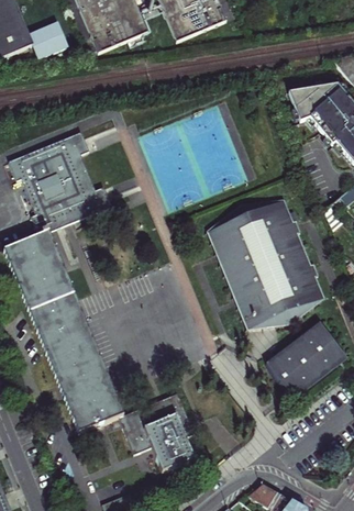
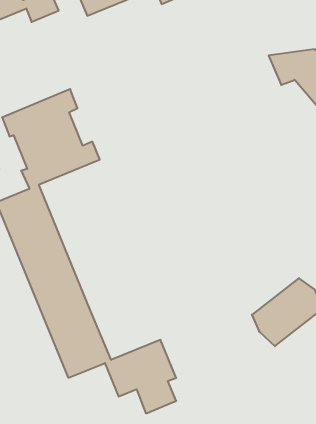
building: [211,199,321,325] -> none

